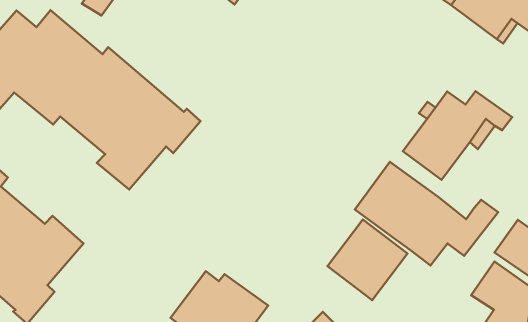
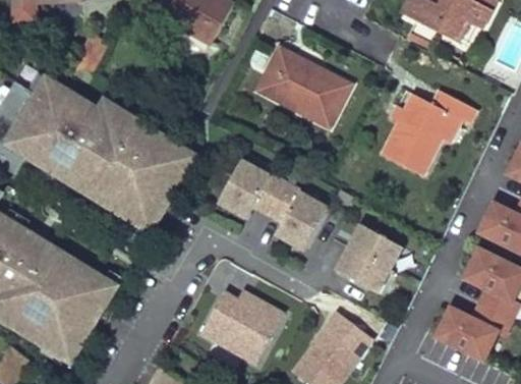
building: none -> [257,47,352,127]
building: none -> [215,158,326,252]
building: [355,162,498,265] -> none

